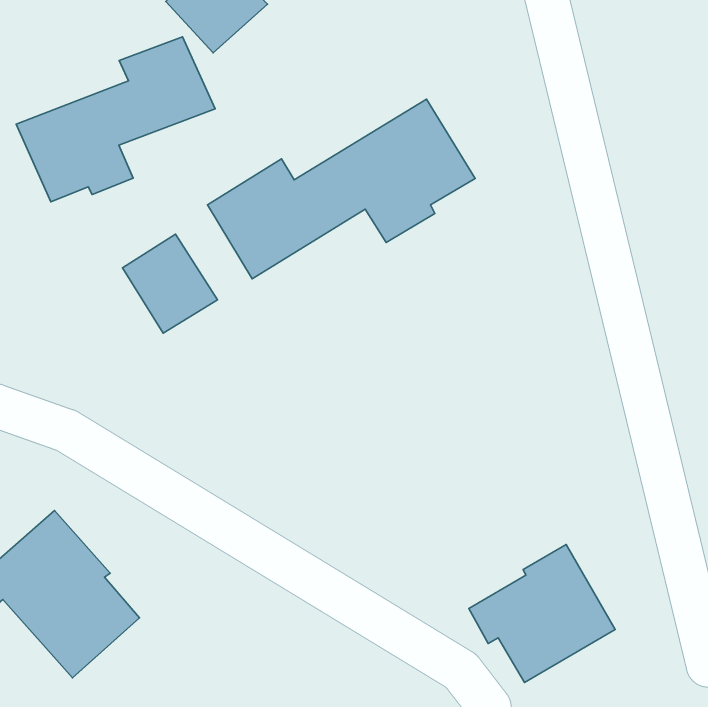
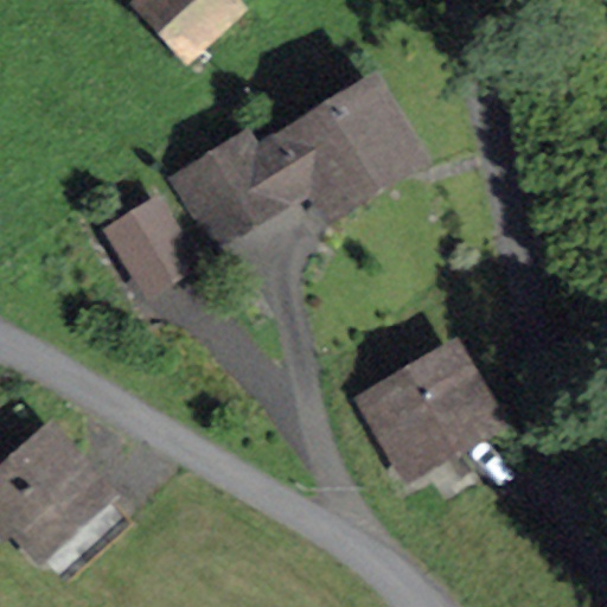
building: [16,37,215,202] -> none
building: [469,544,615,683] -> [359,346,484,464]

